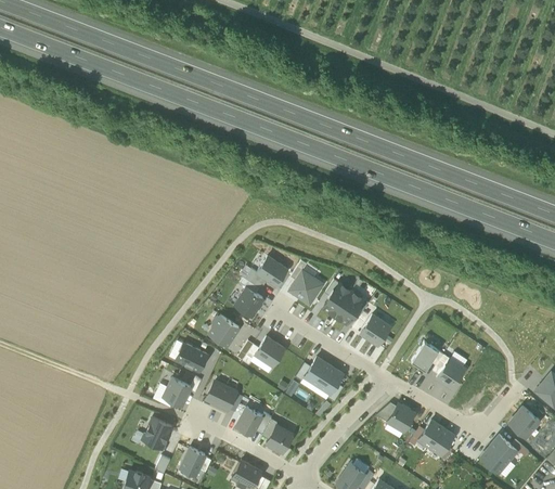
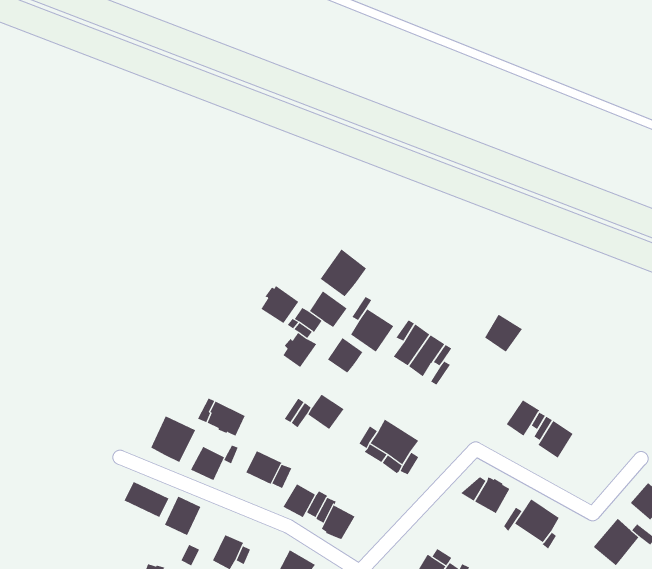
building: none -> [320,249,367,297]
building: none -> [327,337,363,373]
building: [361,316,391,346] -> [484,314,523,353]
building: [209,317,240,347] -> [260,285,299,324]
building: none -> [150,416,196,463]
building: none -> [124,481,169,518]

